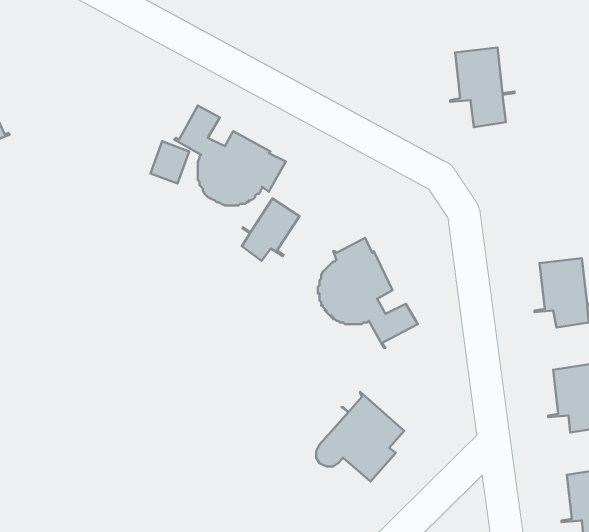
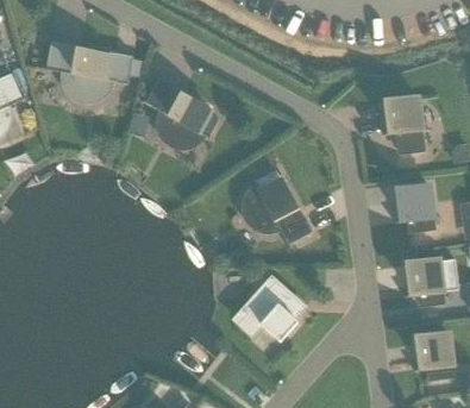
building: [450,48,514,127] -> [382,96,427,152]
building: none -> [40,40,132,101]
building: [242,198,299,261] -> none

